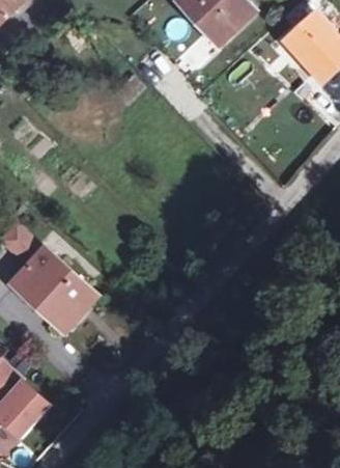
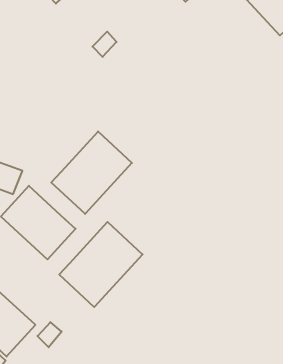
building: none -> [51,131,132,214]
building: none -> [59,222,143,307]

